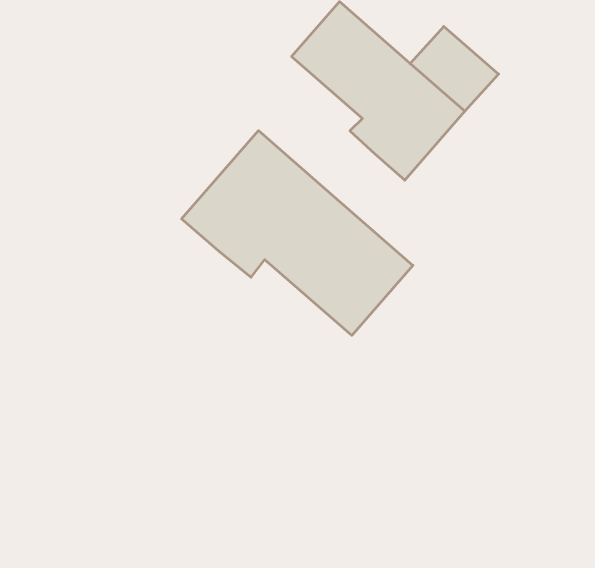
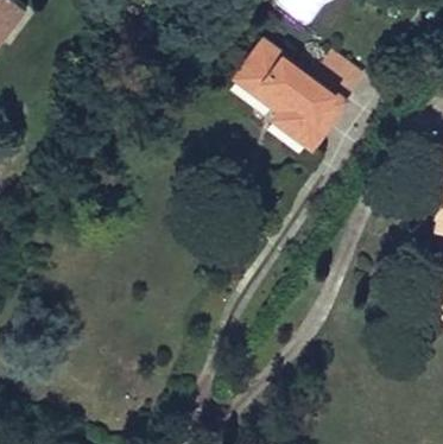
building: [182,131,413,335] -> none

